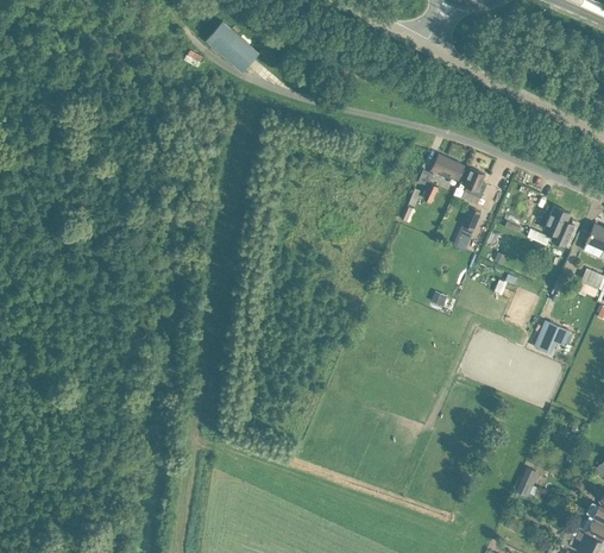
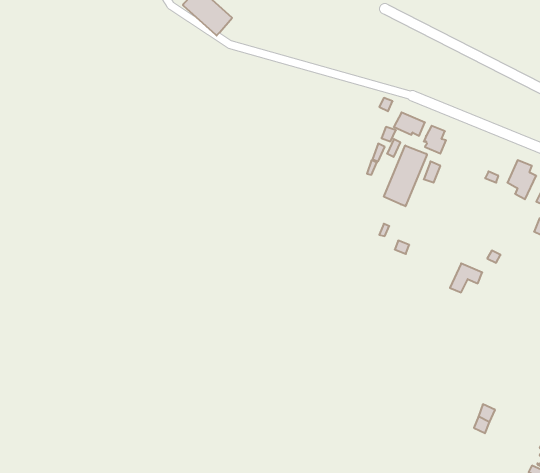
building: none -> [384,145,427,206]
building: [534,321,568,352] -> [450,263,482,292]

